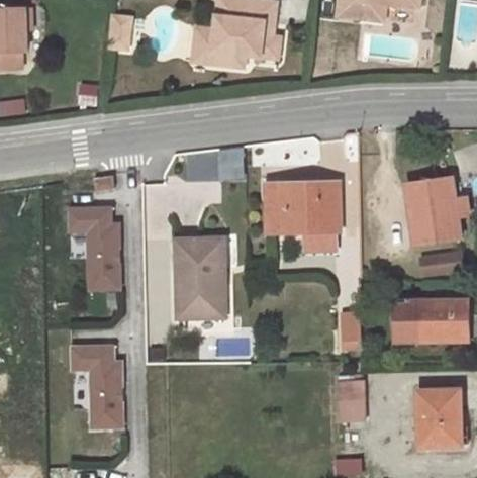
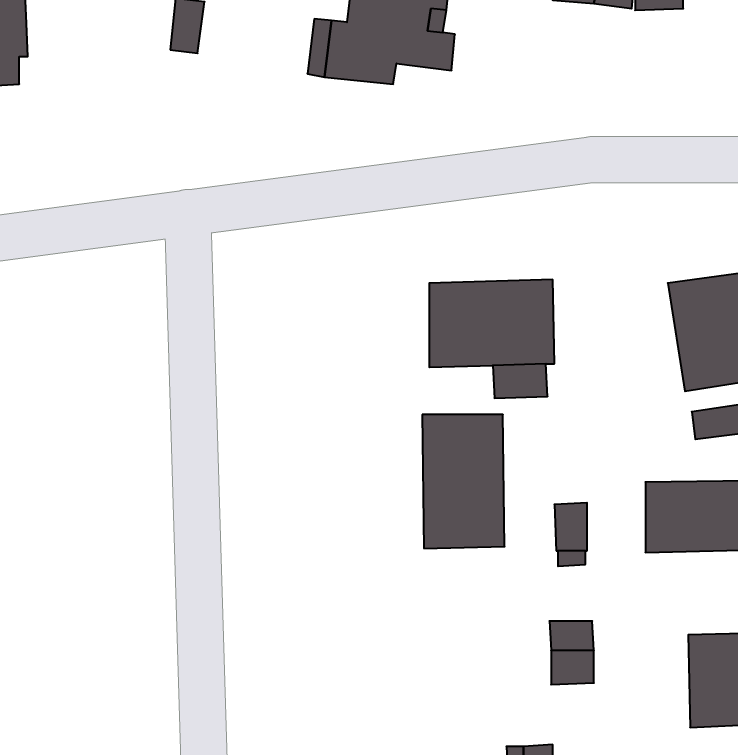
building: [66,207,119,289] -> none
building: [175,236,223,315] -> [422,415,505,548]
building: [71,347,123,428] -> none

